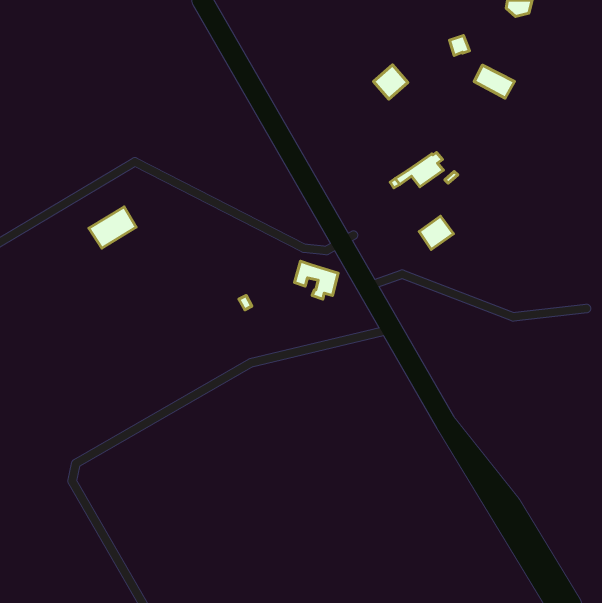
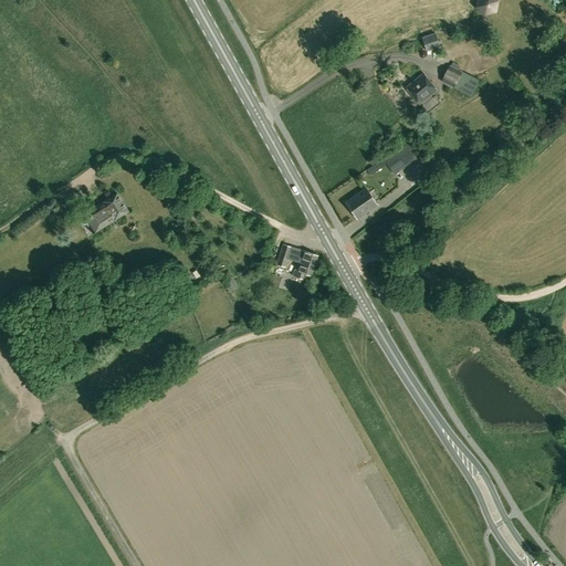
building: [374,65,408,99] -> [405,74,437,106]
building: [419,216,454,249] -> [345,189,377,220]

